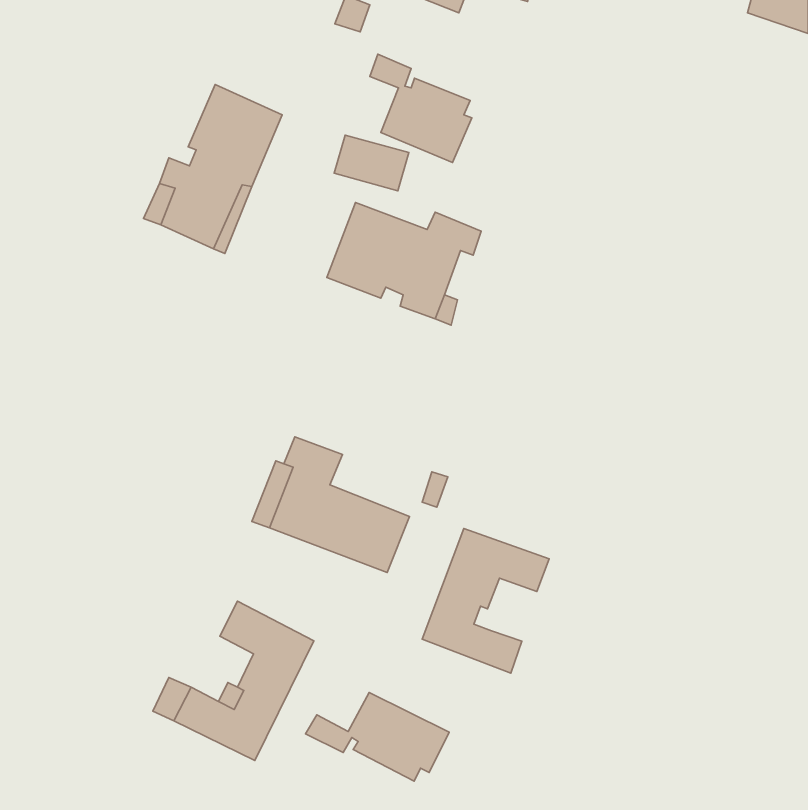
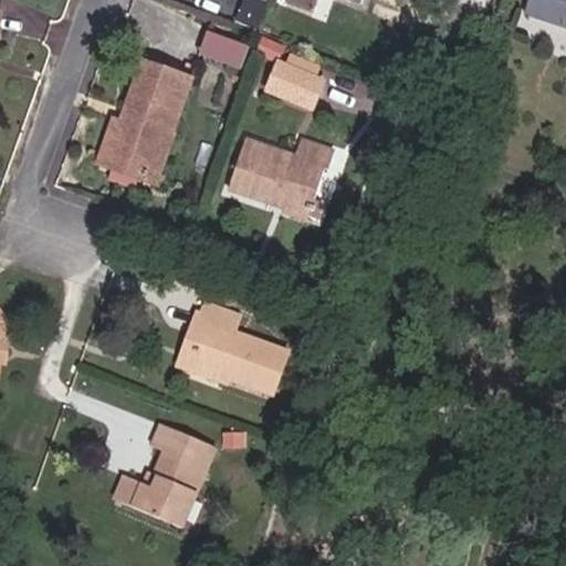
building: [334,135,409,191] -> [200,27,252,65]
building: [422,528,549,673] -> none
building: [306,692,449,781] -> none

